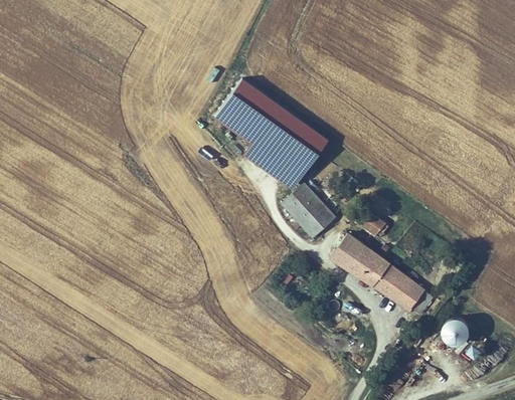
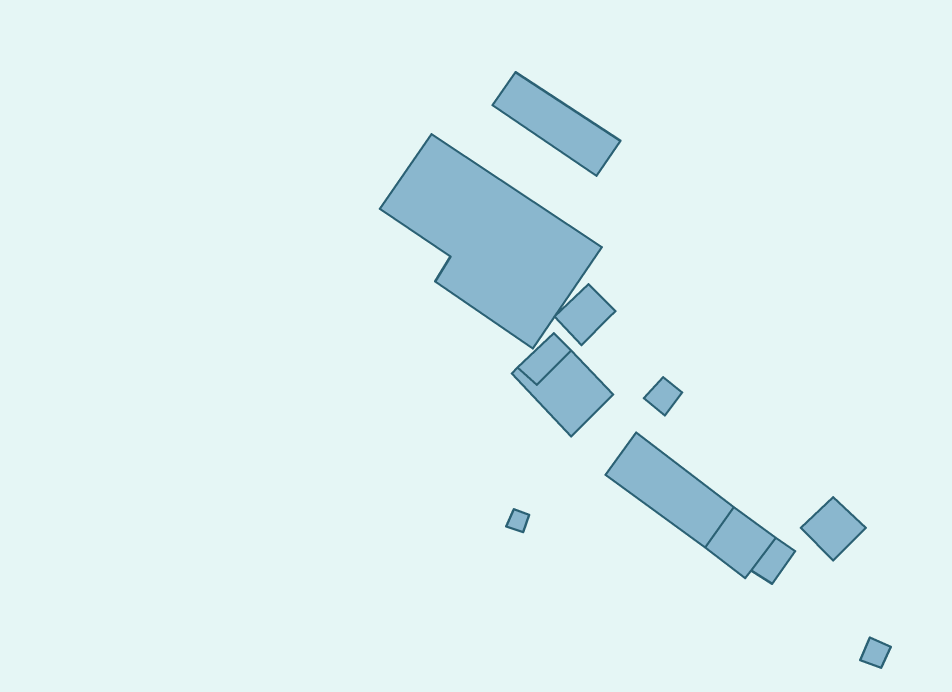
building: none -> [492,72,620,176]
building: none -> [555,284,615,345]
building: [438,314,472,347] -> [801,497,866,560]

